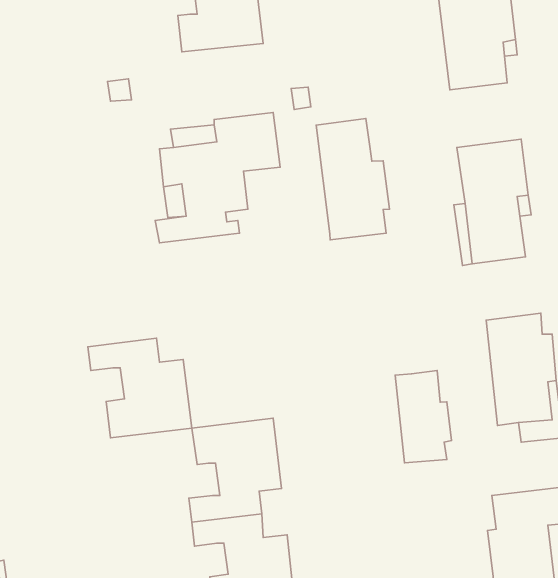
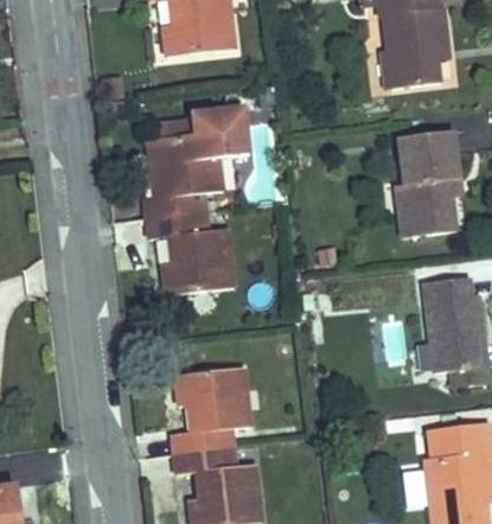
building: [316,119,389,240] -> none
building: [88,338,192,438] -> [147,210,235,294]
building: [395,371,452,463] -> none

